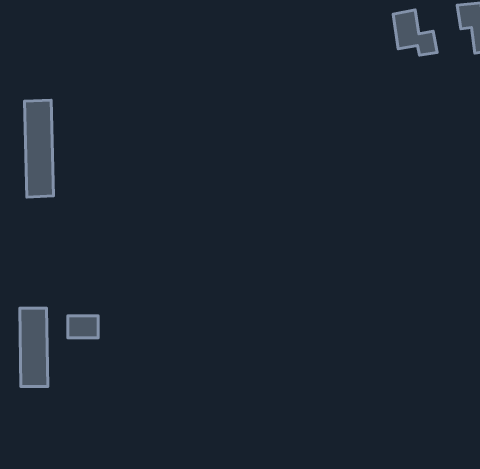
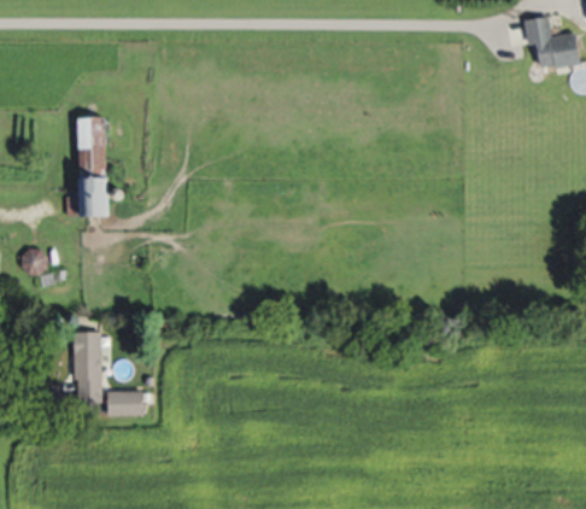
building: [393,10,437,55] -> none
building: [68,316,98,338] -> [110,391,141,414]

